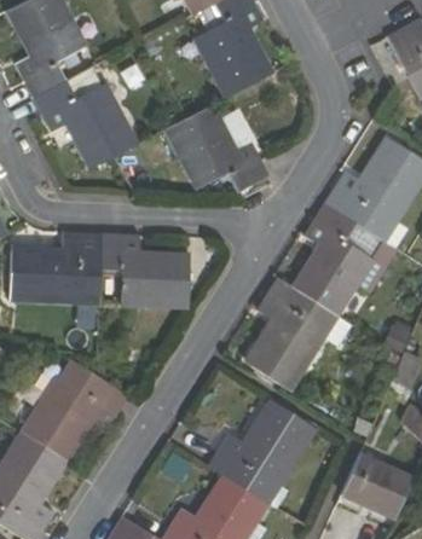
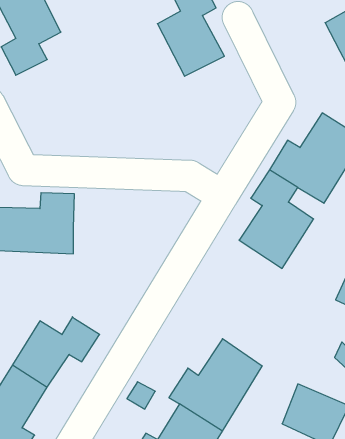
building: [33,66,137,167] -> none
building: [168,105,271,192] -> none
building: [99,232,190,305] -> none
building: [243,278,352,395] -> none

